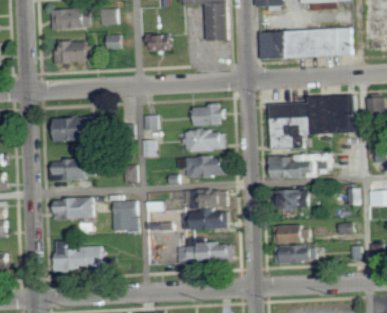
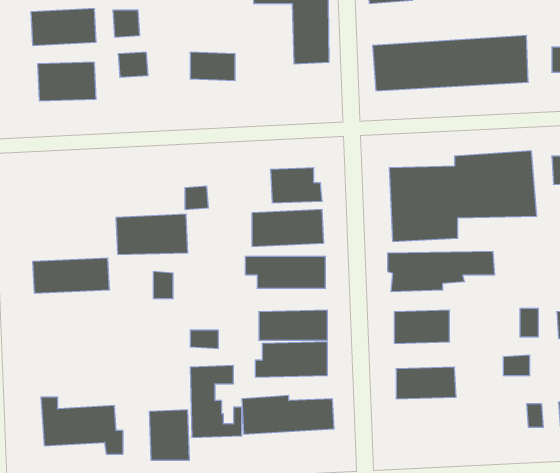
building: [52,116,95,140] -> [116,214,188,254]
building: [54,197,95,219] -> none
building: [113,200,137,230] -> [149,410,189,460]
building: [270,244,311,264] -> none

